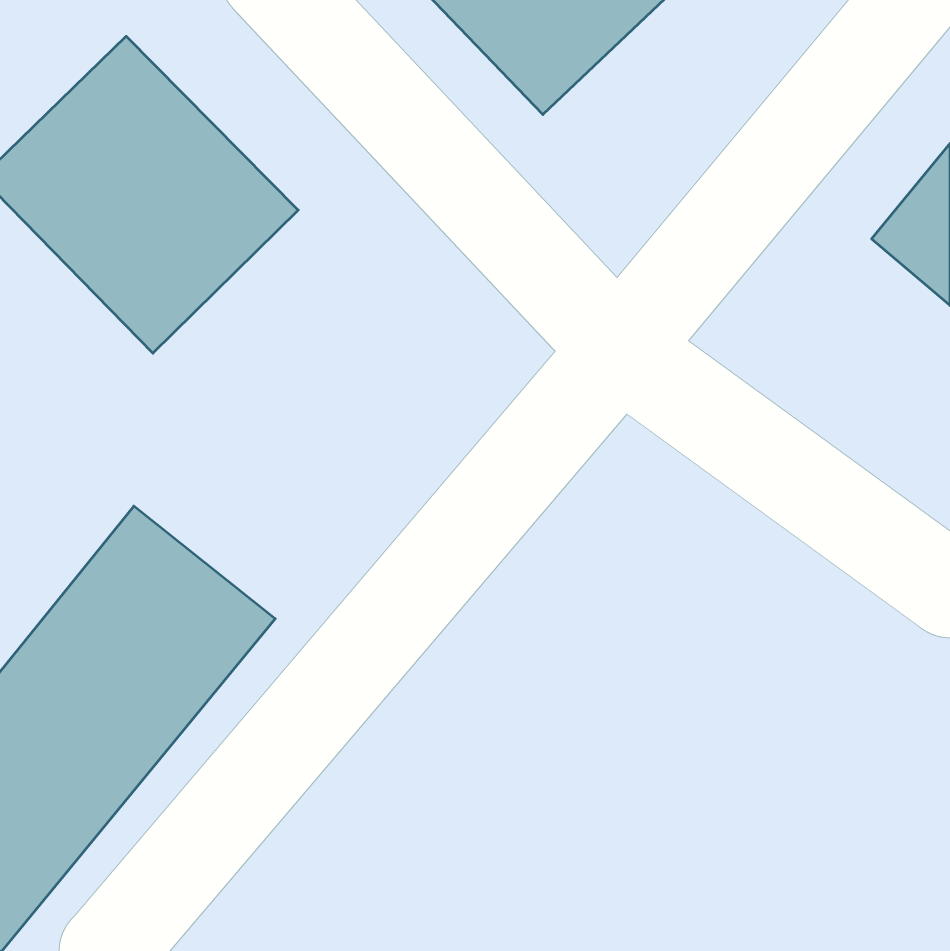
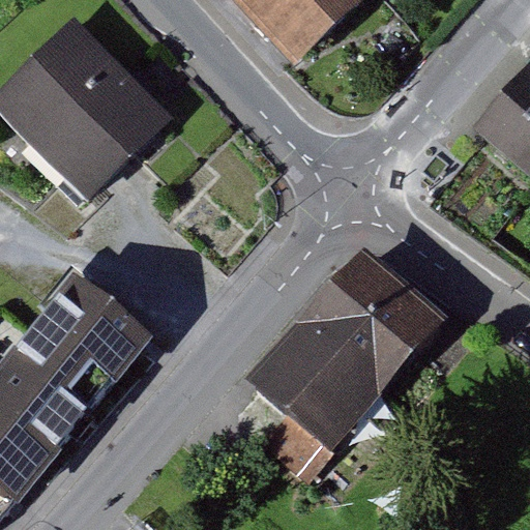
building: none -> [251,252,447,450]

